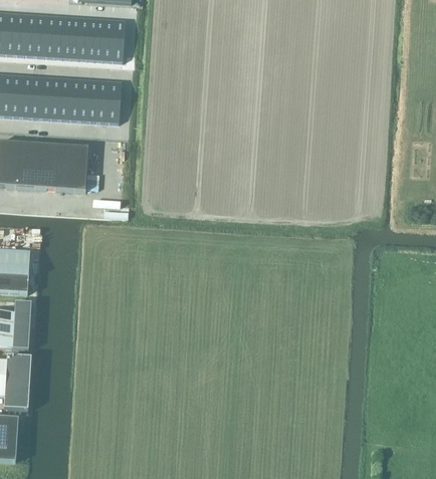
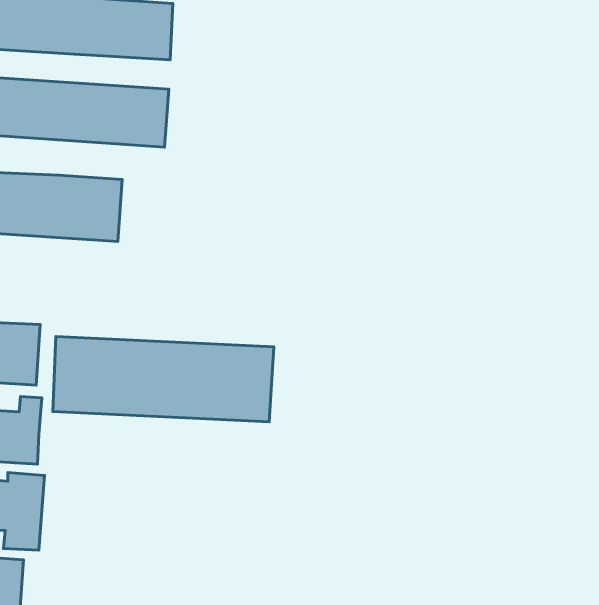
building: none -> [53,336,274,422]

